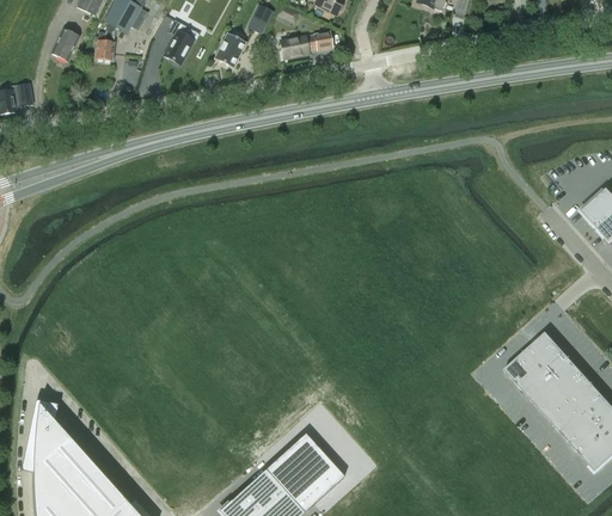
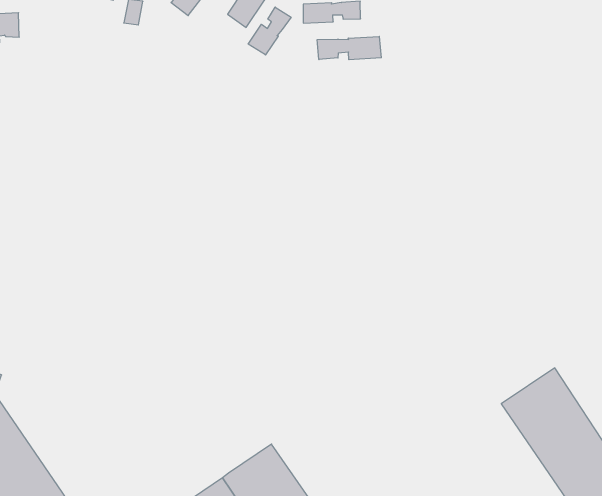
building: none -> [248,7,291,55]
building: none -> [317,36,381,60]

